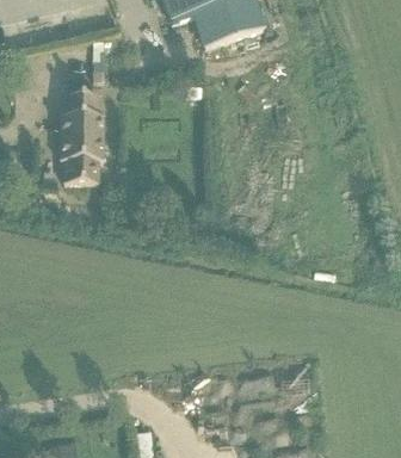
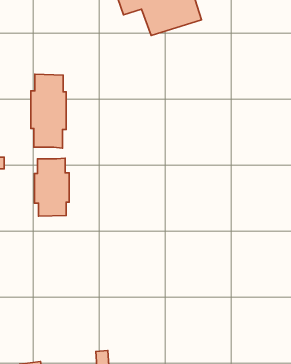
building: none -> [35,158,69,216]

